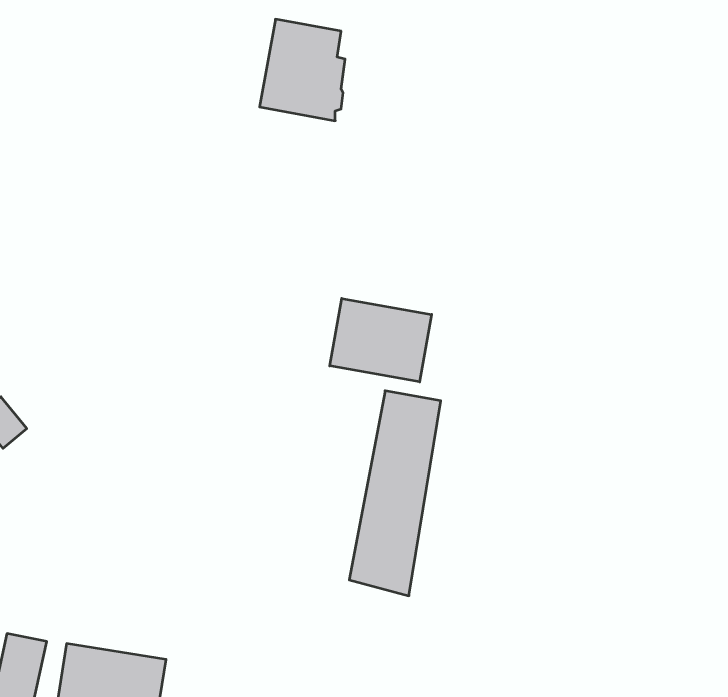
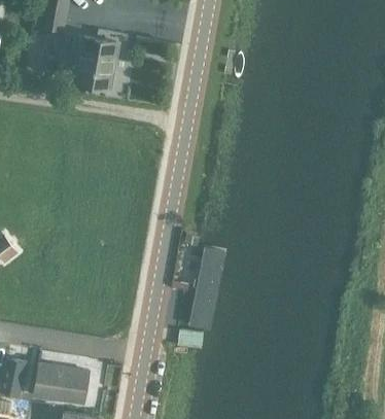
building: [260,19,345,121] -> [69,36,113,89]
building: [330,298,432,382] -> none

